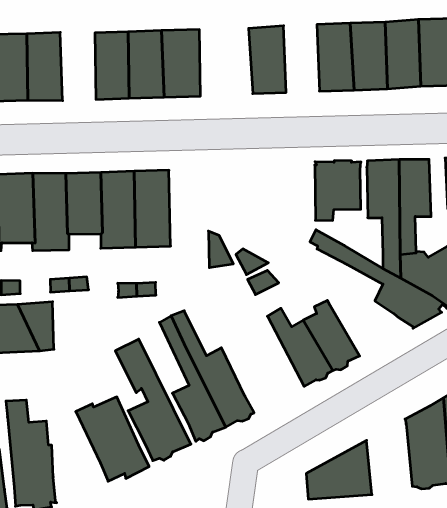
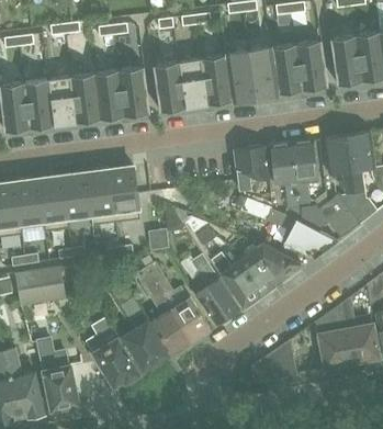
building: none -> [202,55,232,104]
building: none -> [153,63,185,112]
building: none -> [47,77,77,126]
building: none -> [255,244,302,282]
building: none -> [191,255,239,325]

